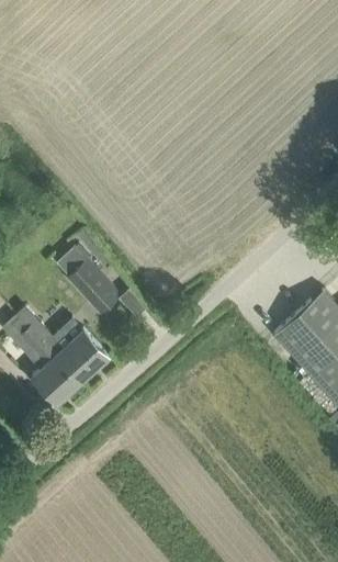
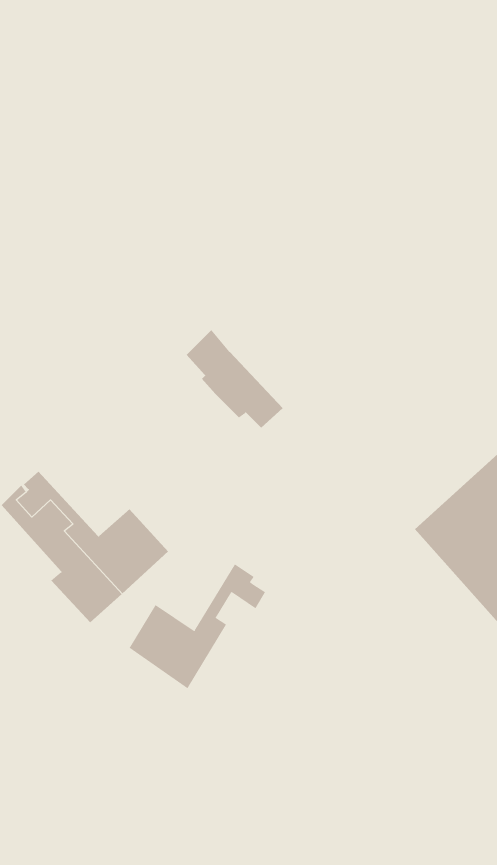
building: [58,246,121,310] -> [186,329,283,429]
building: none -> [129,563,266,689]

